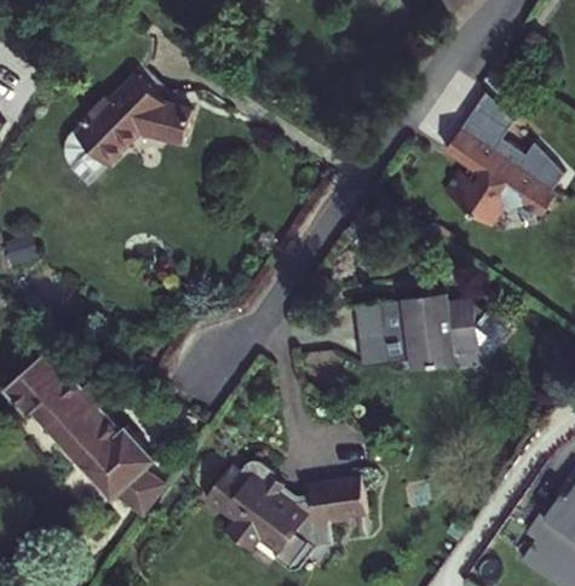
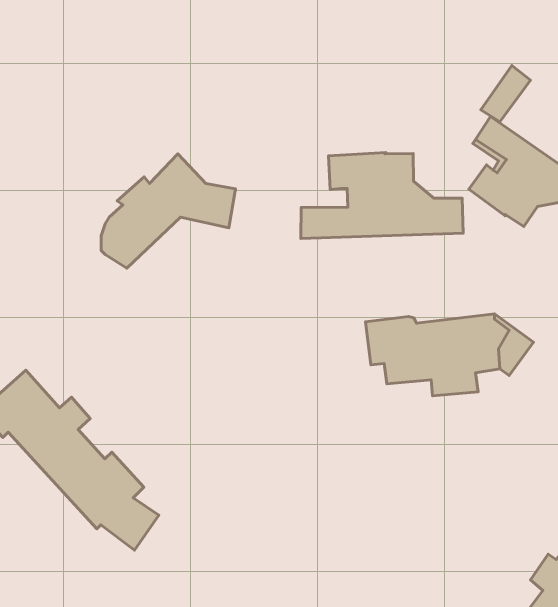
building: [61,75,182,178] -> [101,154,235,268]
building: none -> [301,152,463,238]
building: [213,453,375,562] -> none

